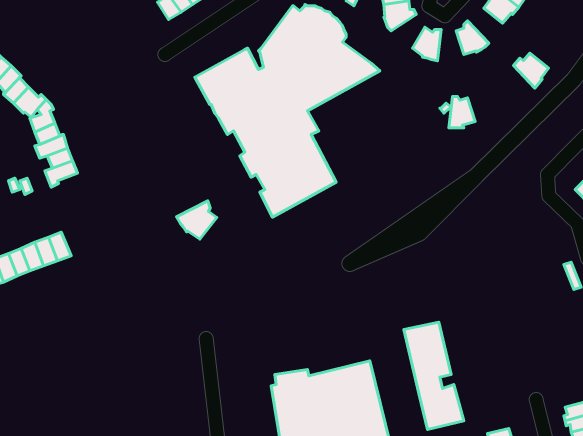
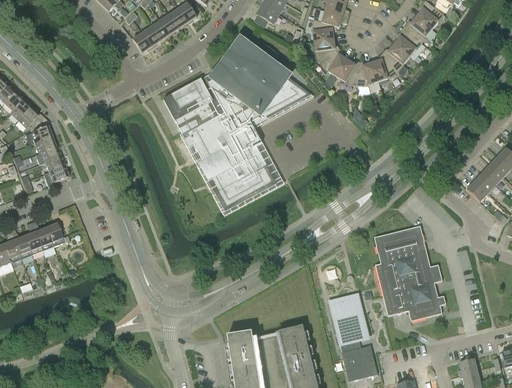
building: none -> [320,48,347,75]
building: [514,53,549,88] -> [381,43,409,71]
building: [449,96,475,128] -> [357,60,378,85]
building: [176,201,217,239] -> none
building: none -> [374,224,446,320]

